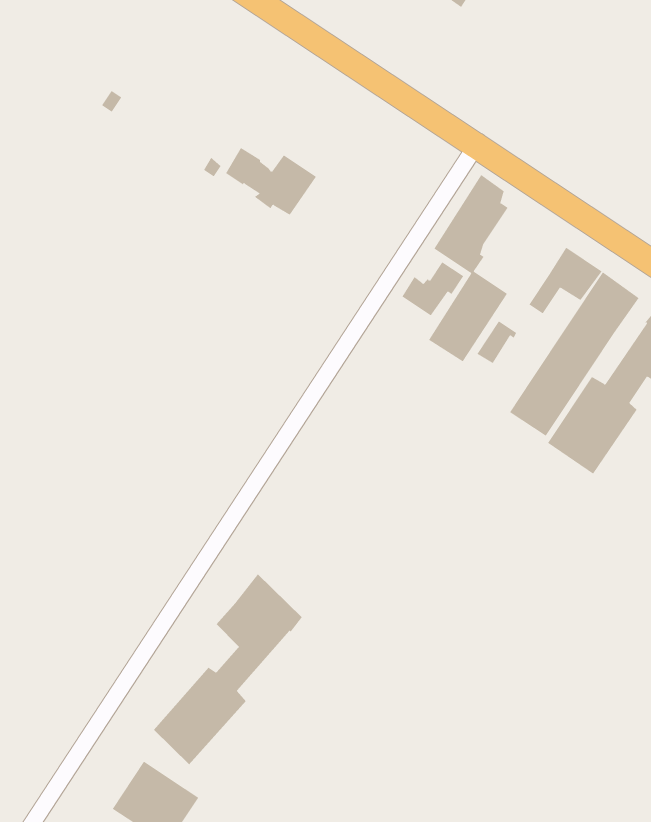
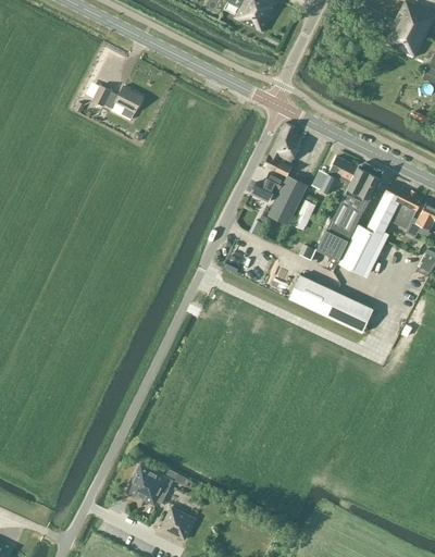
building: [225,147,317,215] -> [94,85,144,119]
building: none -> [288,276,374,335]
building: [153,573,302,765] -> none

